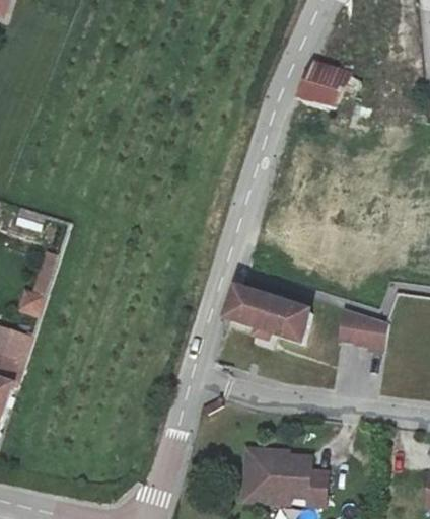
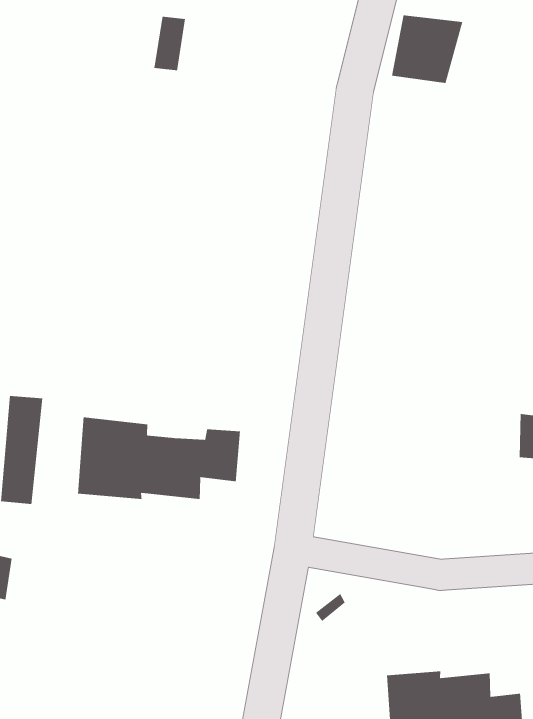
building: none -> [77,417,241,500]
building: [230,280,313,337] -> none

